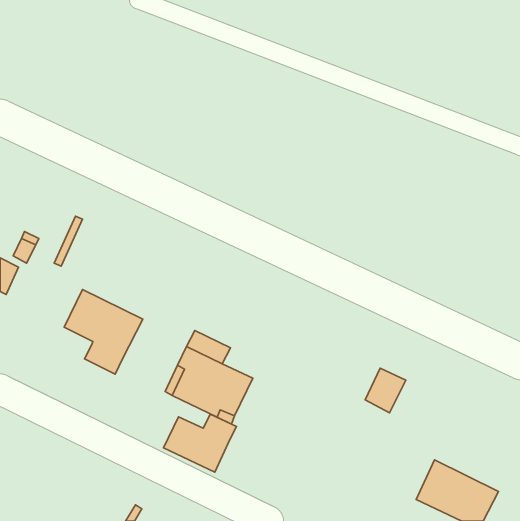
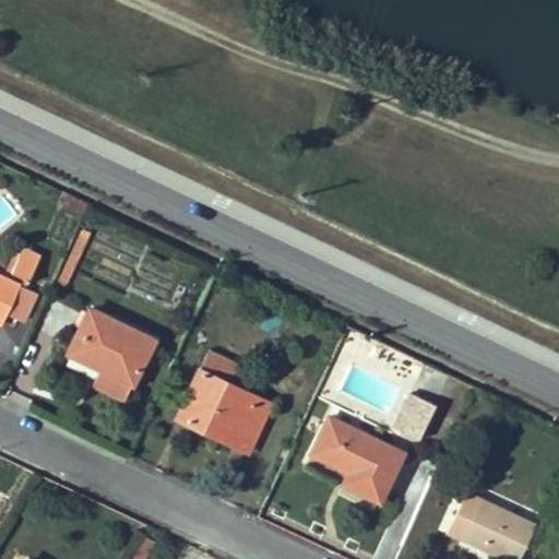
building: none -> [312,419,403,503]
building: [163,414,236,472] -> none

